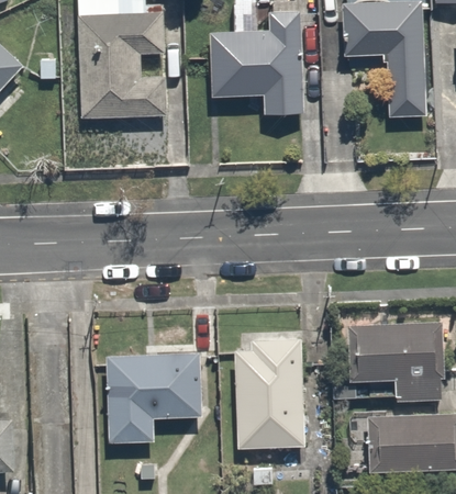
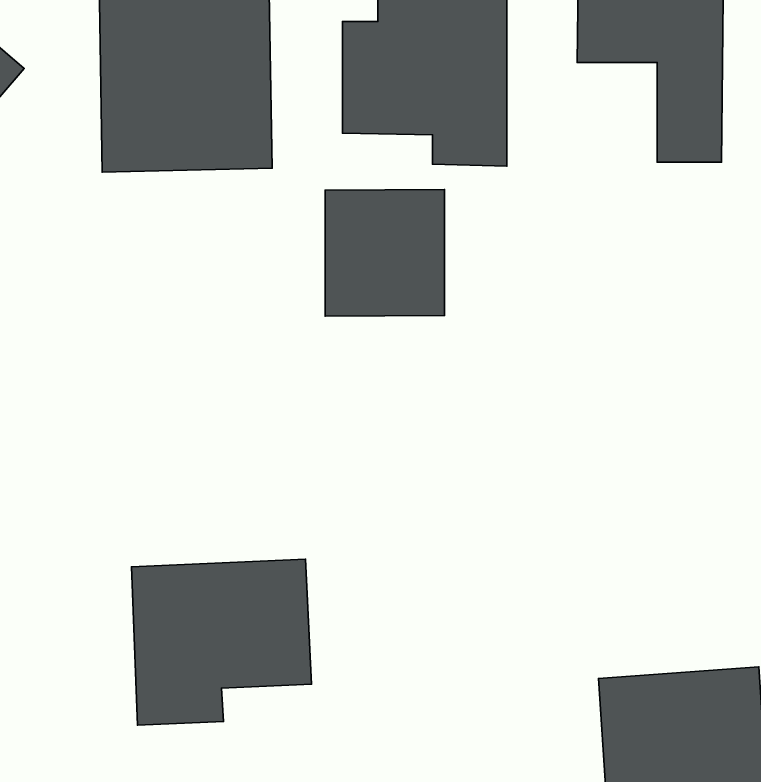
building: none -> [325,190,444,316]
building: [348,319,434,403] -> none
building: [230,343,298,447] -> none

